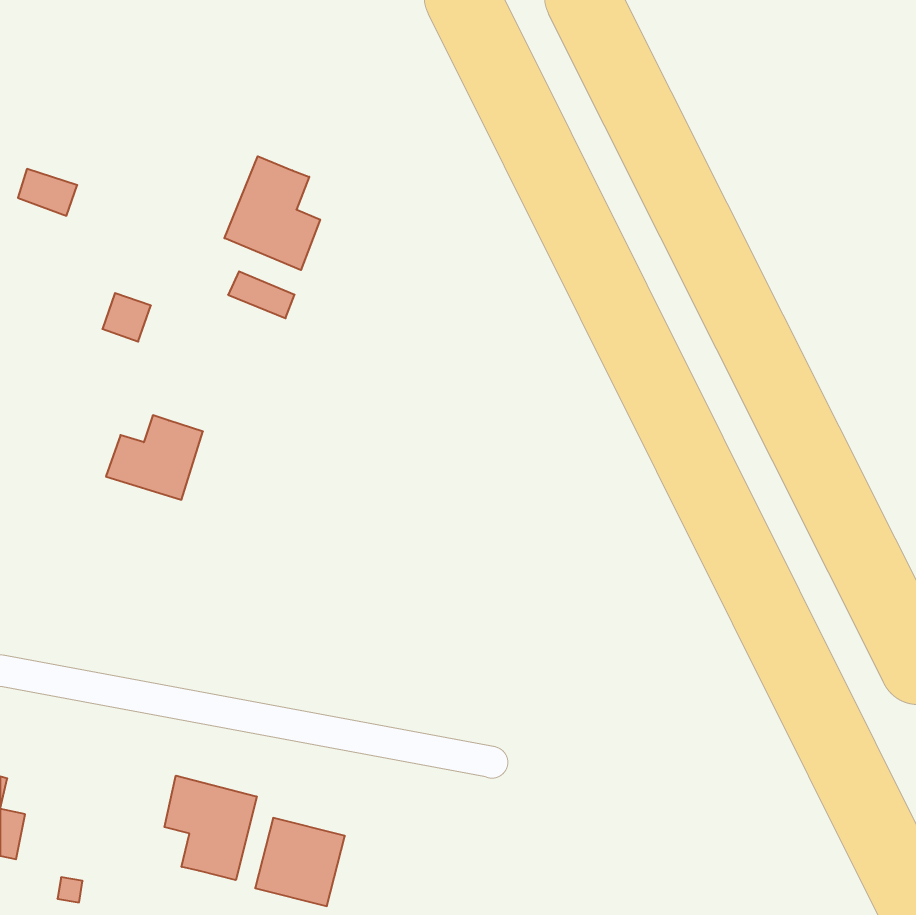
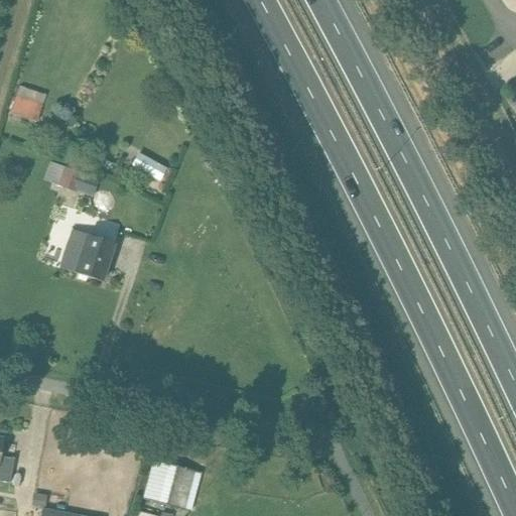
building: [224,156,320,270] -> none
building: [164,776,257,880] -> none

